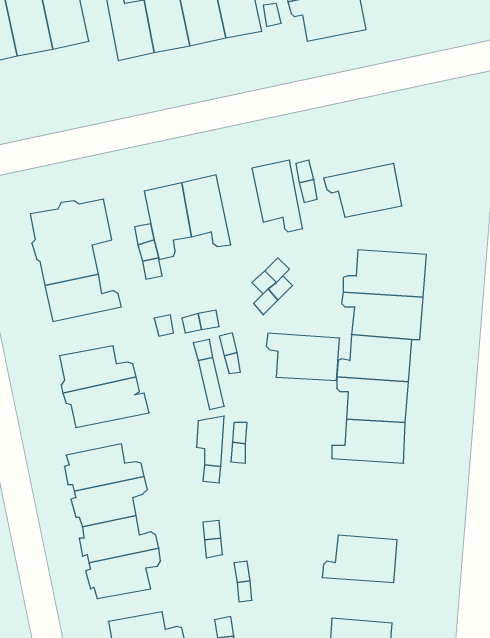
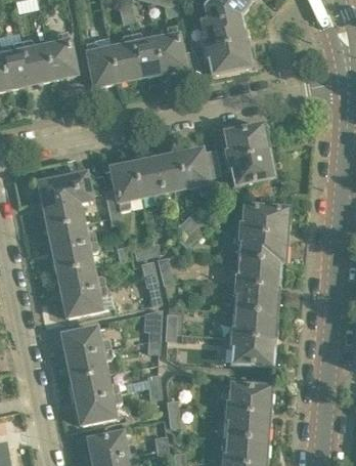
building: none -> [222,124,267,159]
building: none -> [155,153,185,201]
building: none -> [53,240,97,270]
building: [266,333,340,381] -> [227,335,273,365]
building: none -> [222,410,267,438]

